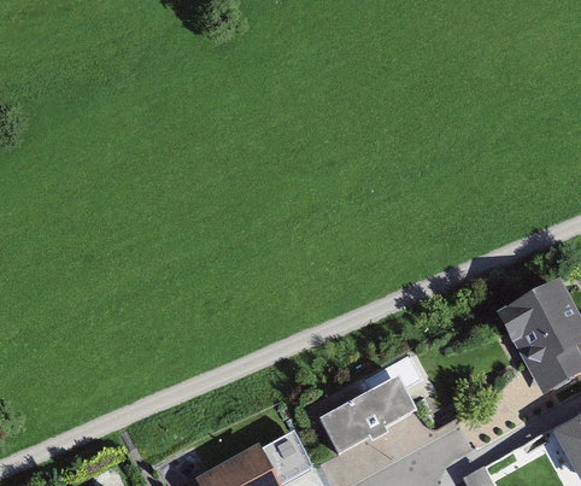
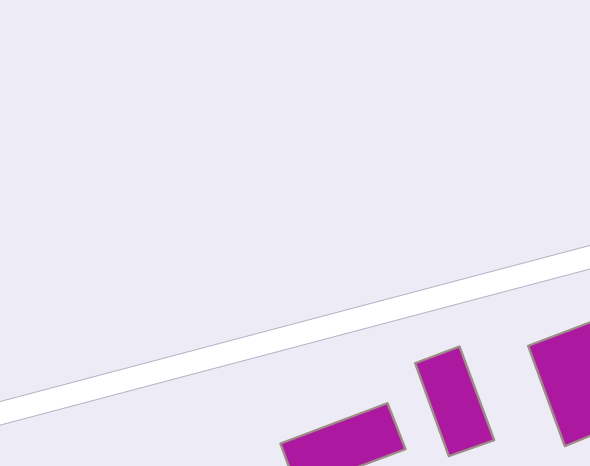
building: none -> [415,347,494,456]

